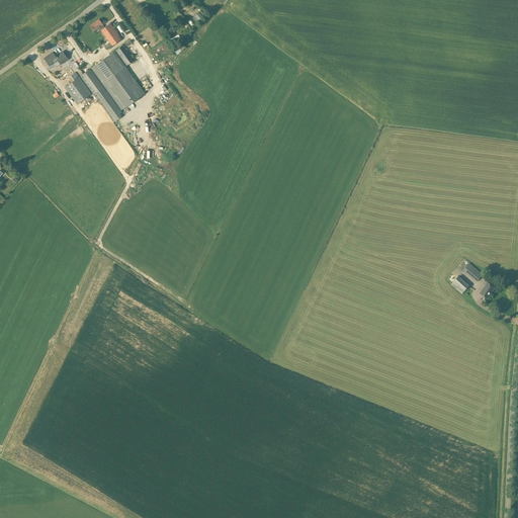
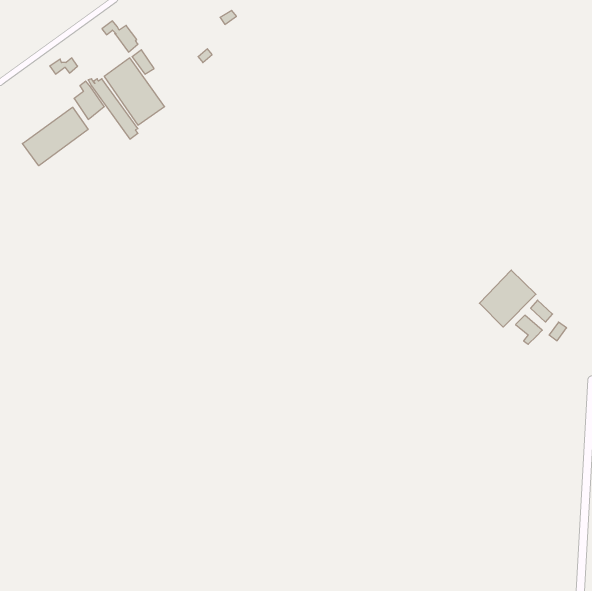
building: none -> [22,107,88,166]
building: none -> [479,270,536,327]

